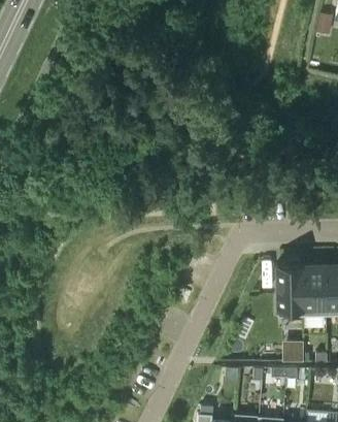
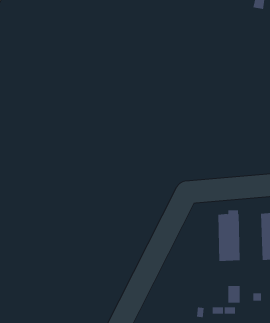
building: [302,264,327,317] -> none

